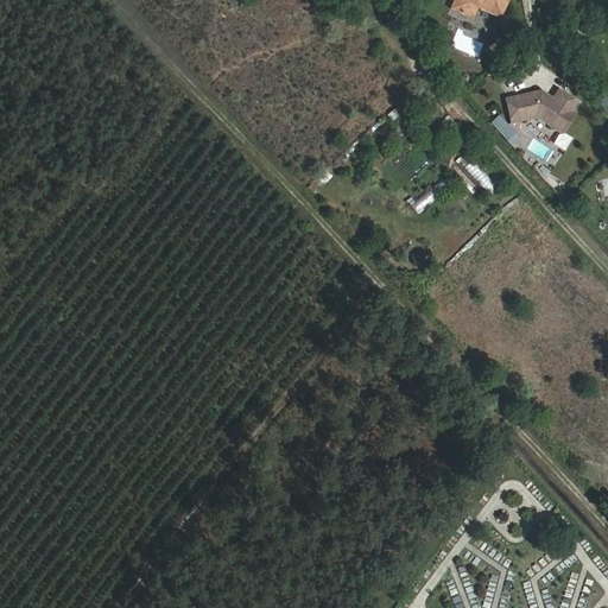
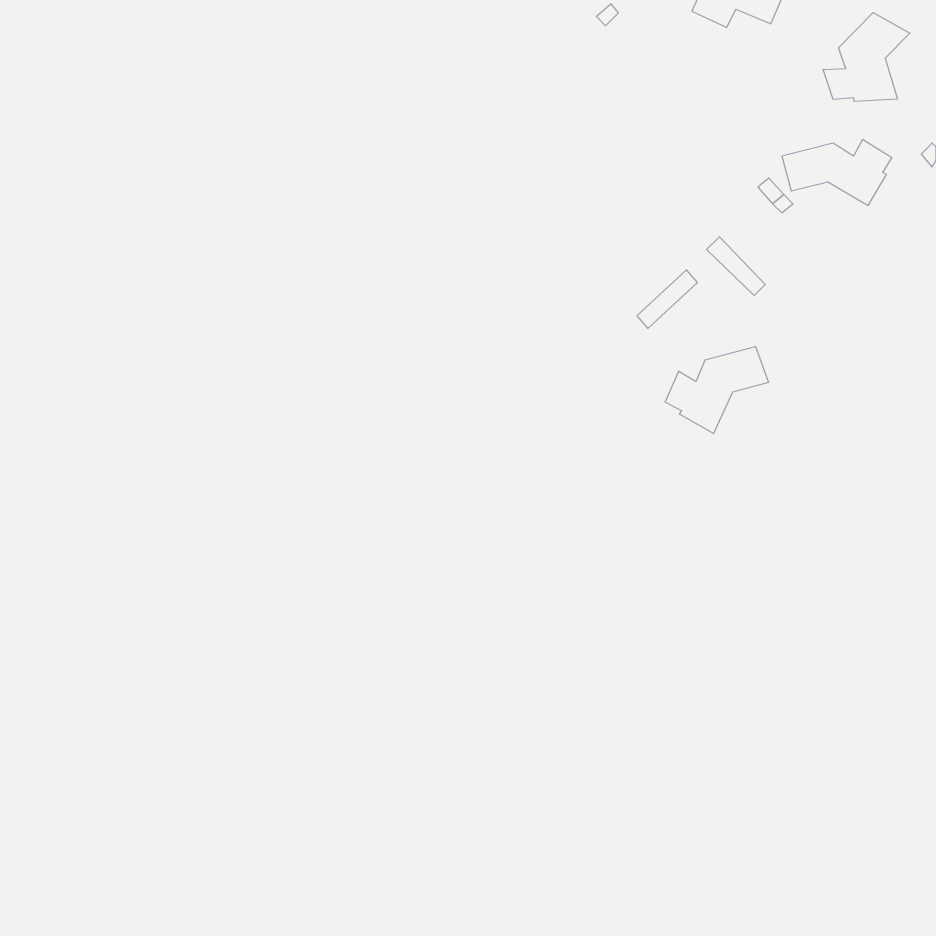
building: none -> [823,13,910,101]
building: none -> [665,346,768,434]

